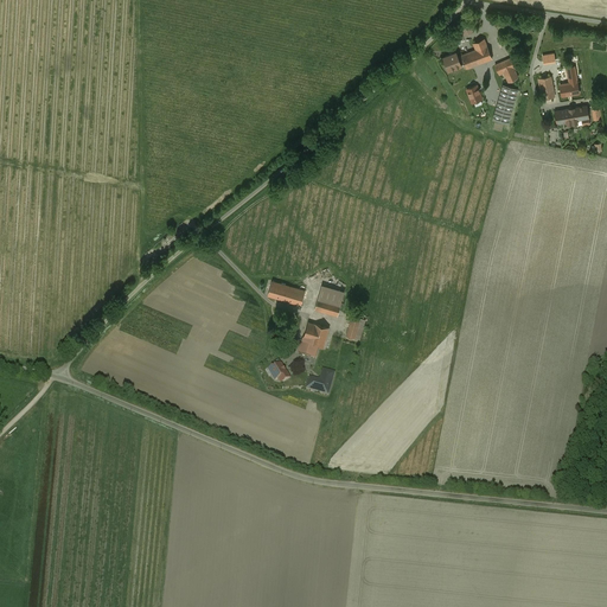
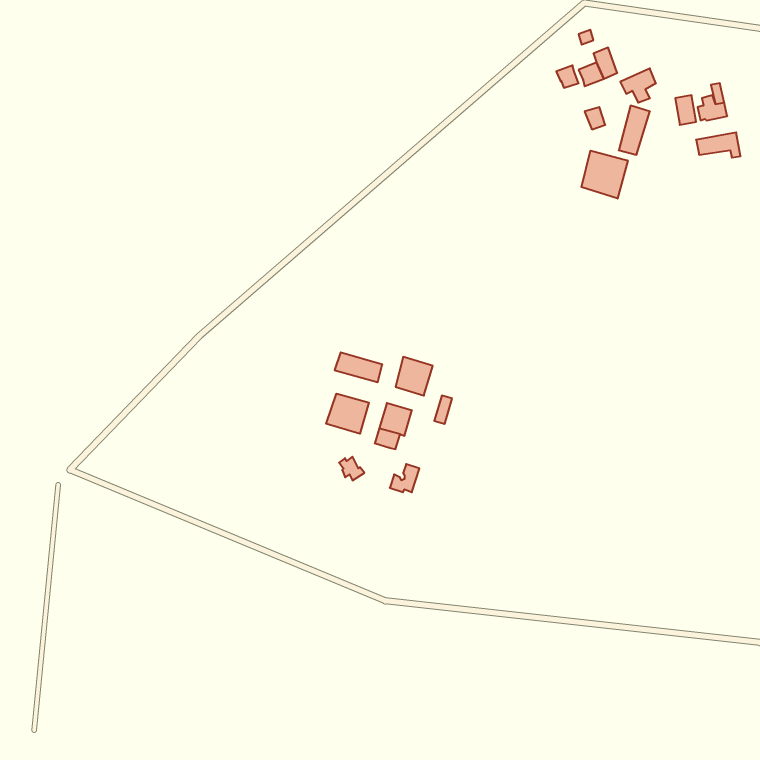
building: none -> [581,151,628,199]
building: none -> [326,394,369,434]

